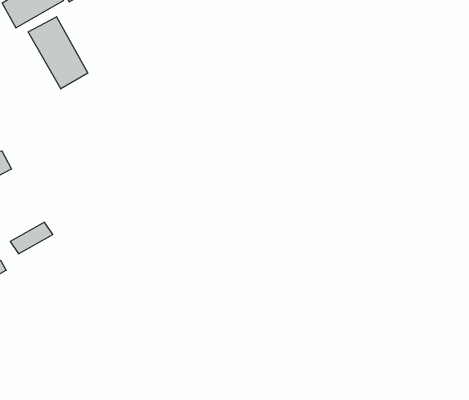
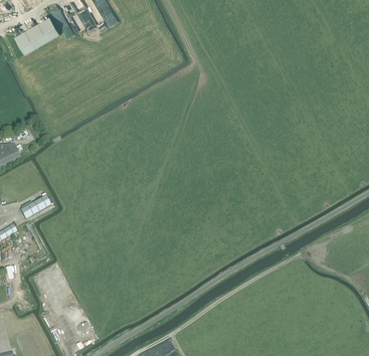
building: [28,17,88,89] -> none

